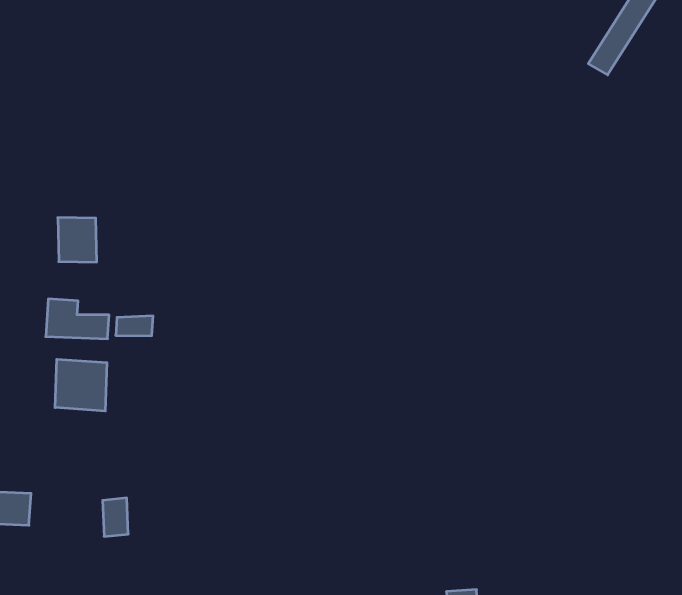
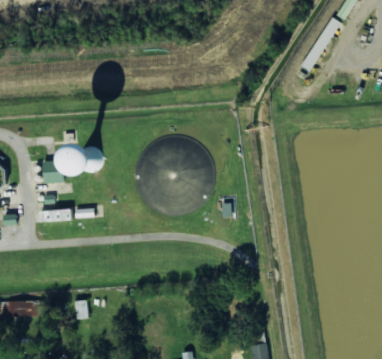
building: none -> [72,140,105,175]
building: [55,359,107,411] -> none

